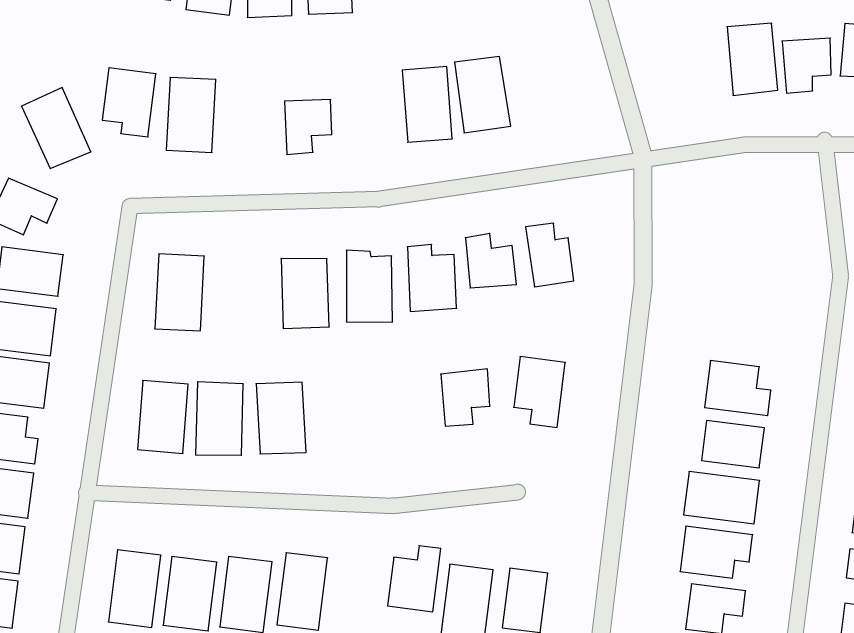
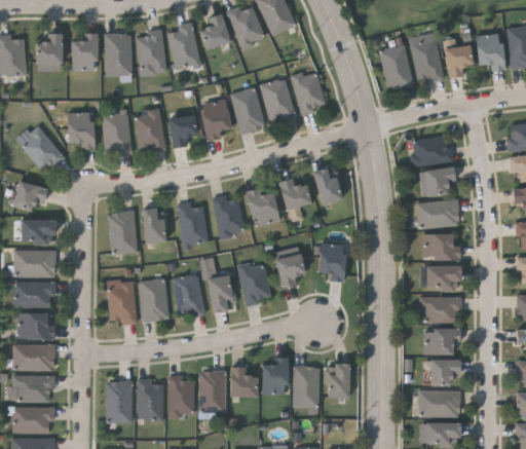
building: none -> [380,45,413,90]
building: none -> [293,70,327,113]
building: none -> [201,100,231,140]
building: none -> [135,109,165,151]
building: none -> [410,136,453,167]
building: none -> [425,167,456,196]
building: none -> [143,208,166,244]
building: none -> [418,200,460,228]
building: none -> [240,262,271,304]
building: none -> [206,274,236,312]
building: none -> [231,368,256,397]

